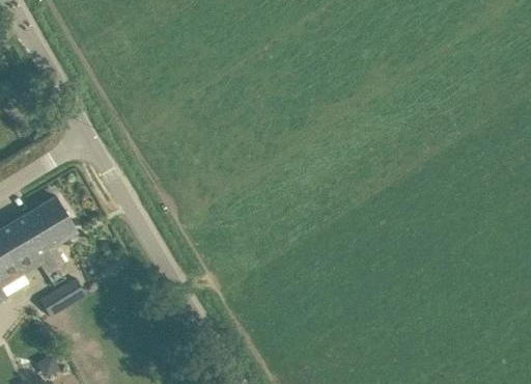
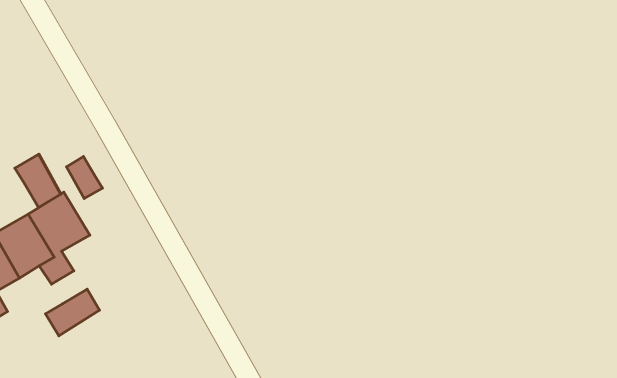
building: none -> [15,154,61,208]
building: none -> [67,157,102,199]

